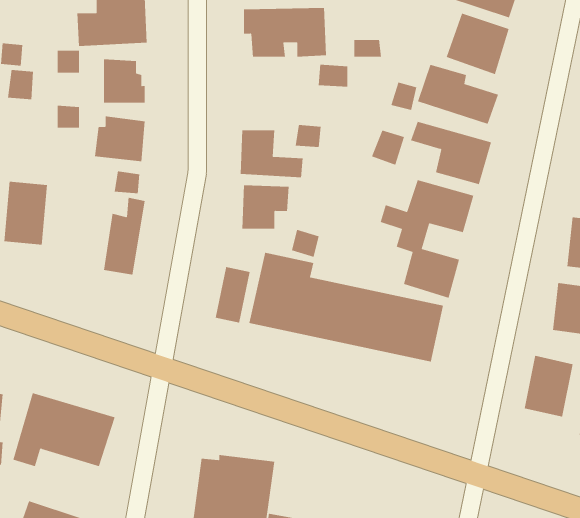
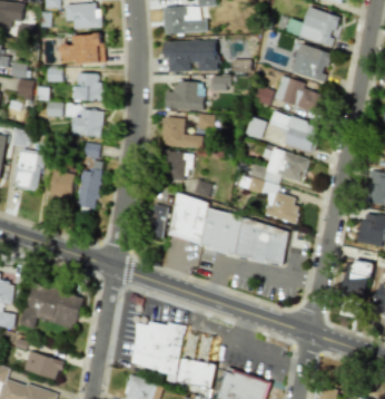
building: none -> [166,81,204,110]
building: none -> [49,167,75,198]

